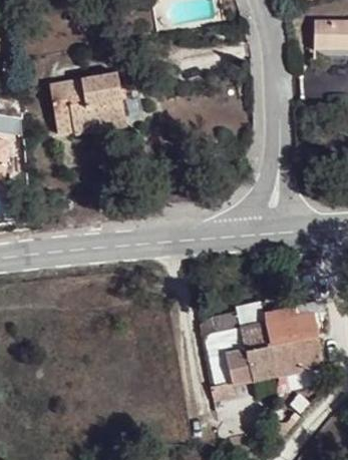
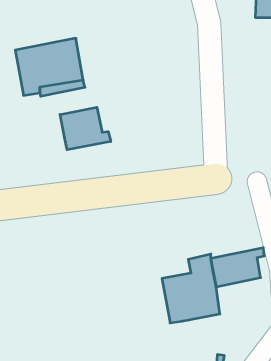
building: none -> [60,107,111,150]
building: [271,336,325,376] -> none

